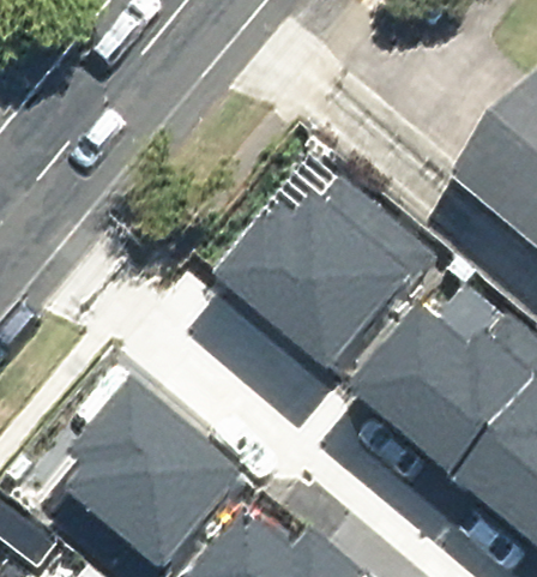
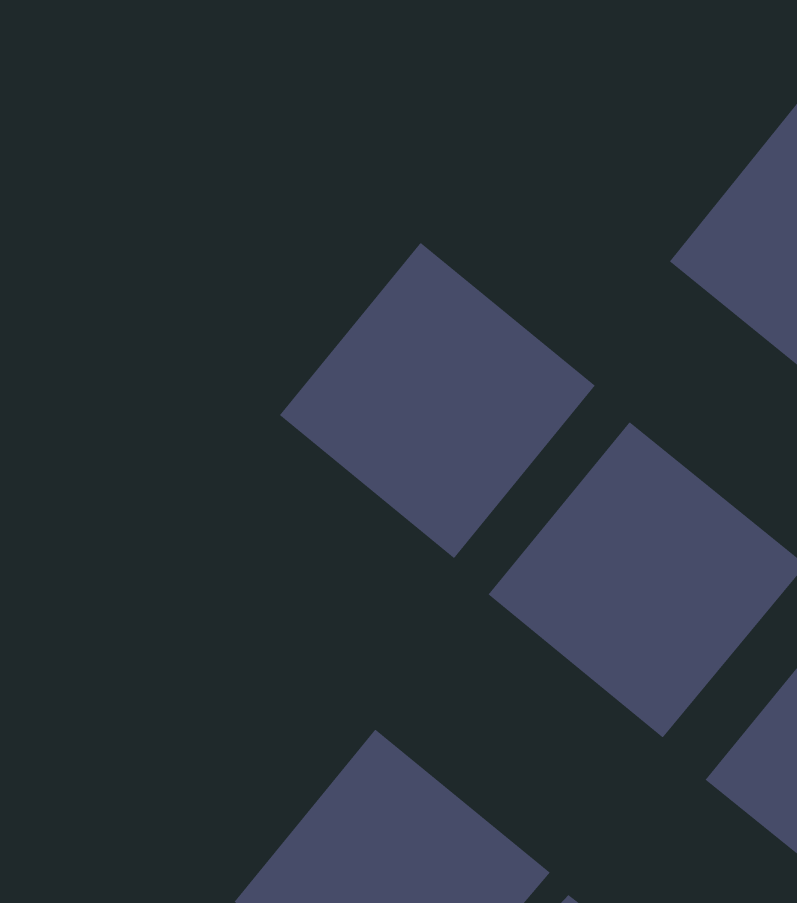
building: [68,373,261,566] -> none

